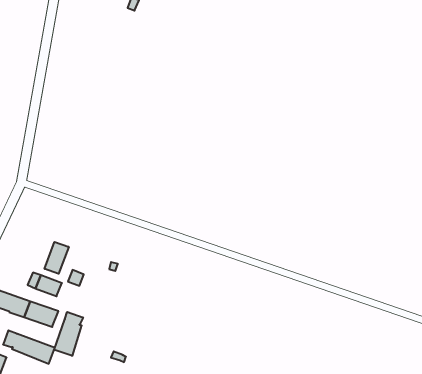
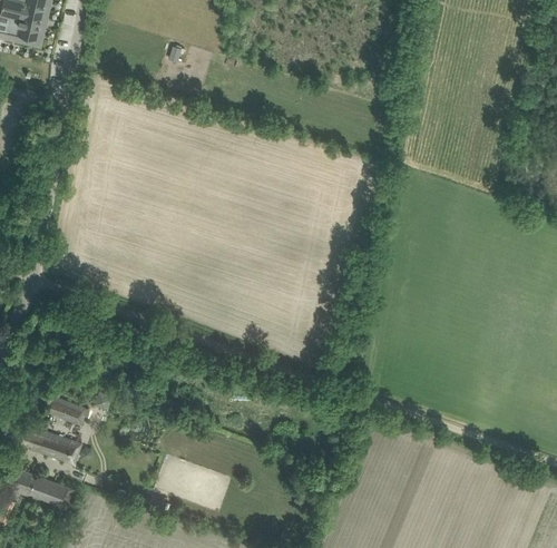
building: [45,242,69,274] -> none
building: [54,312,83,356] -> none

